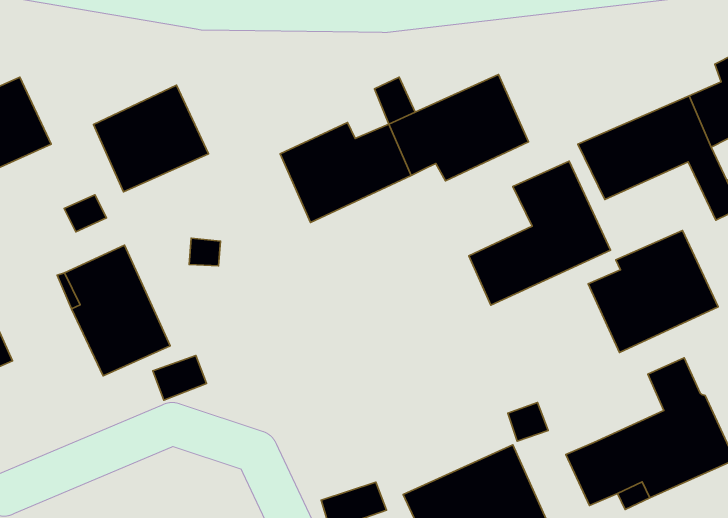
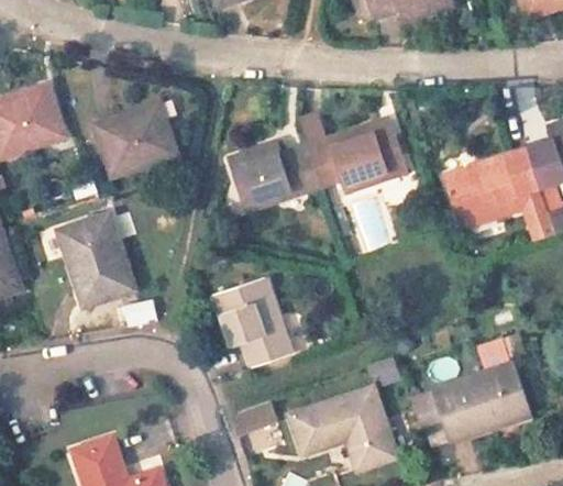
building: [469,161,611,305] -> none
building: [588,230,718,352] -> none
building: none -> [214,277,291,366]

